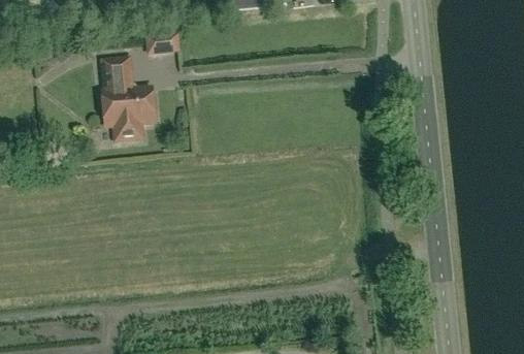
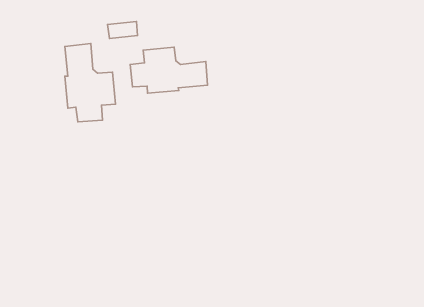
building: none -> [130,47,208,93]

